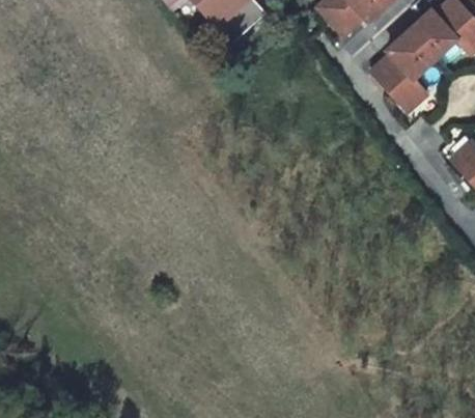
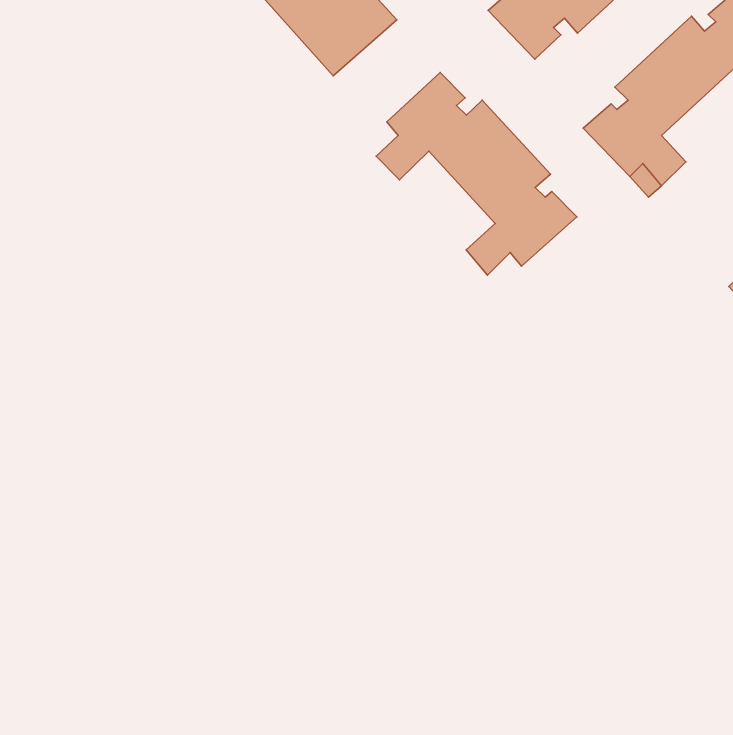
building: none -> [376,73,577,275]

